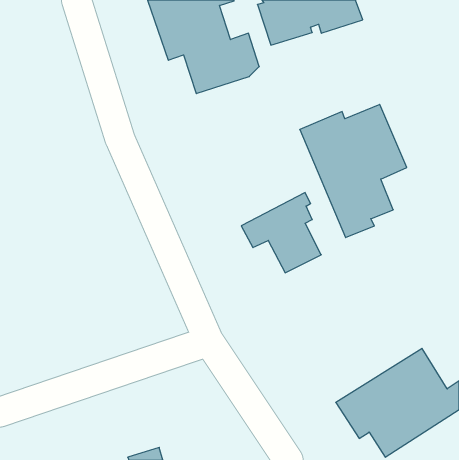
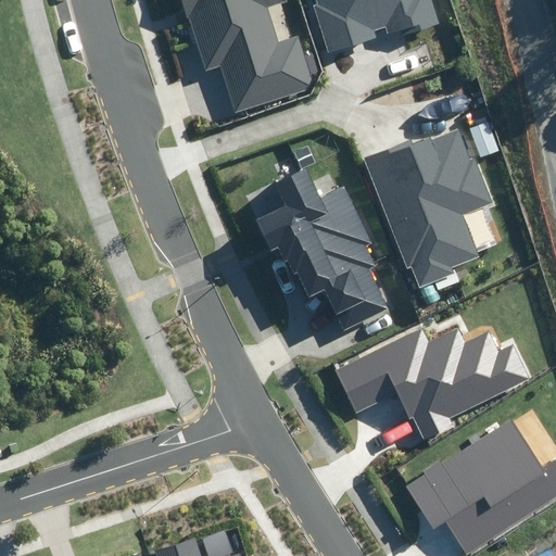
building: none -> [257,168,368,273]
building: none -> [334,326,527,442]

